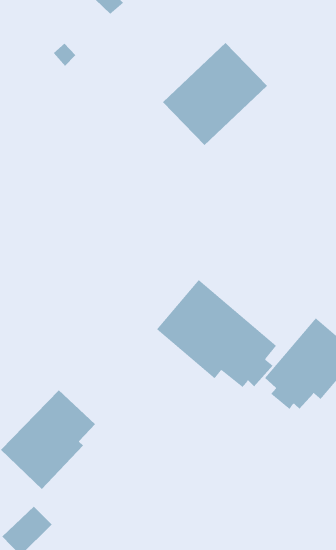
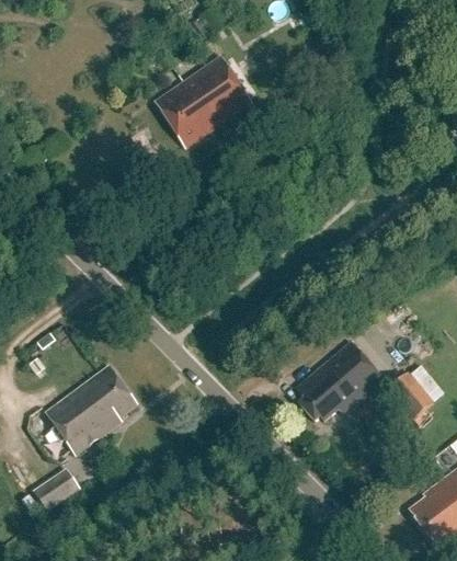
building: [162,42,268,146] -> [153,56,252,147]
building: [156,279,277,388] -> none

